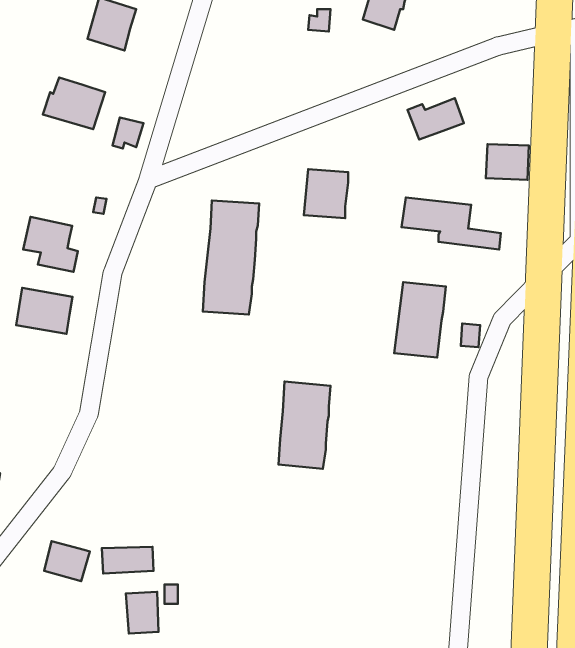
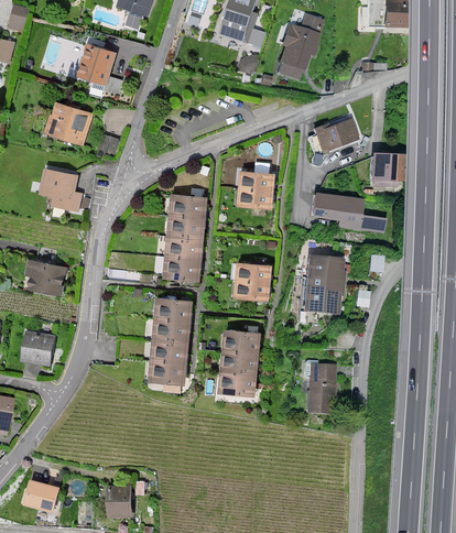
building: [23,217,78,272] -> [40,168,80,209]
building: none -> [235,262,270,300]
building: none -> [149,297,189,383]
building: none -> [21,330,52,362]
building: none -> [305,363,333,413]
building: [44,541,90,581] -> [23,480,57,510]
building: [102,547,154,574] -> none

